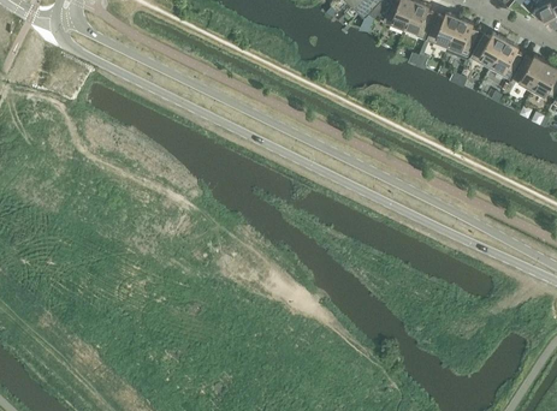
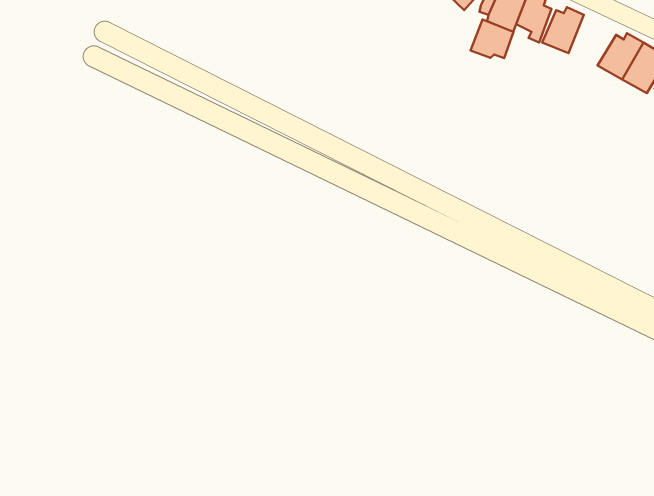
building: [448,18,479,54] -> none
building: none -> [470,20,514,58]

